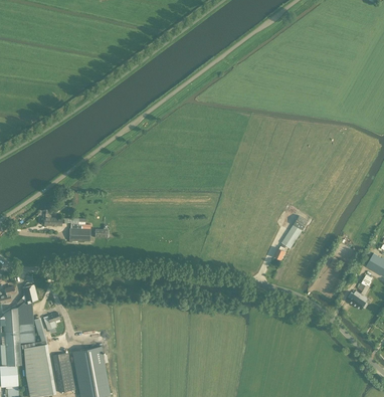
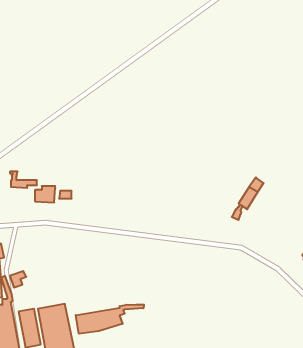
building: none -> [76,305,144,334]

